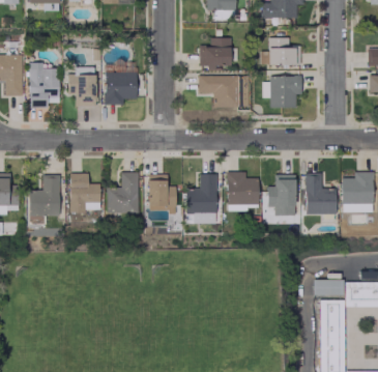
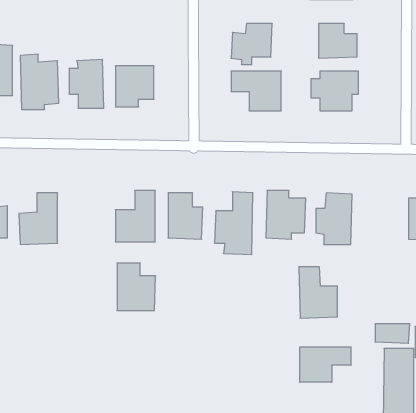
building: [69,173,100,211] -> [117,263,156,311]
building: [304,173,336,214] -> [299,267,337,318]
building: none -> [300,347,351,382]

